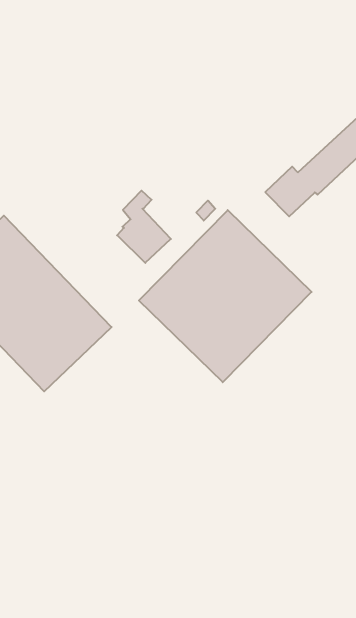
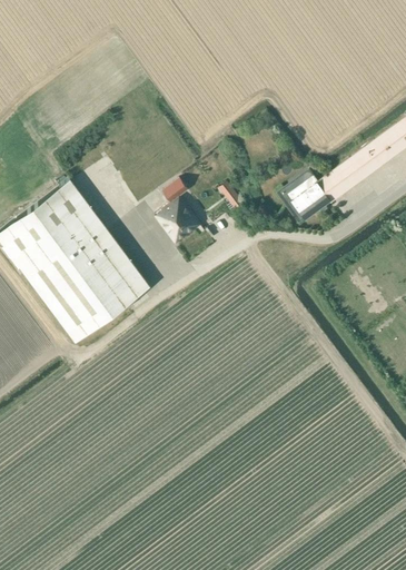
building: [139,210,312,382] -> none

